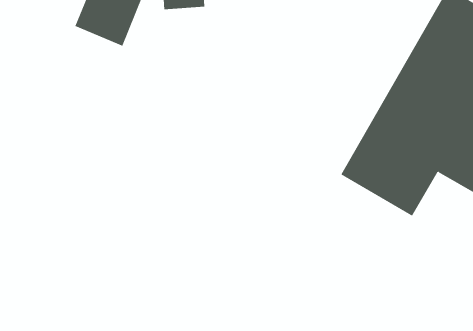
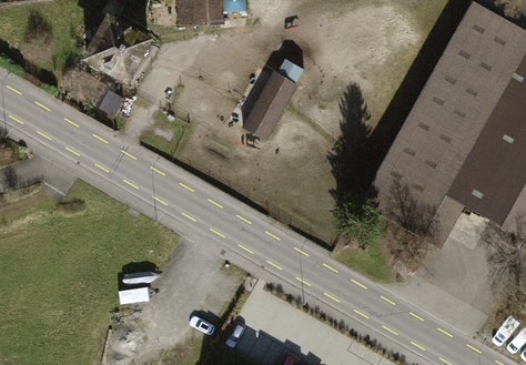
building: none -> [241,67,301,139]

